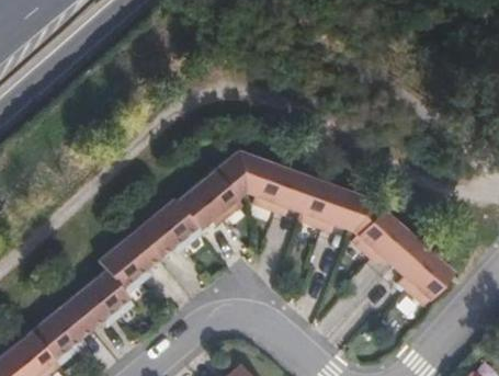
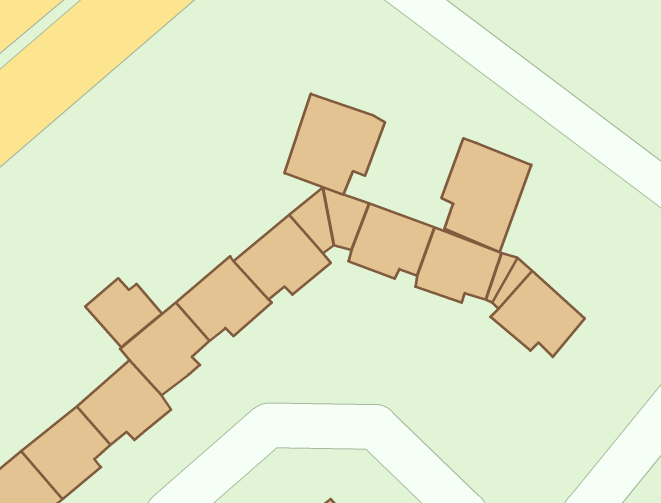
building: none -> [285,94,385,195]
building: none -> [442,138,531,252]
building: none -> [85,278,162,348]
building: [395,241,454,305] -> none

